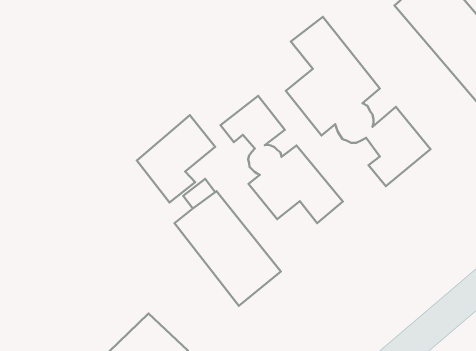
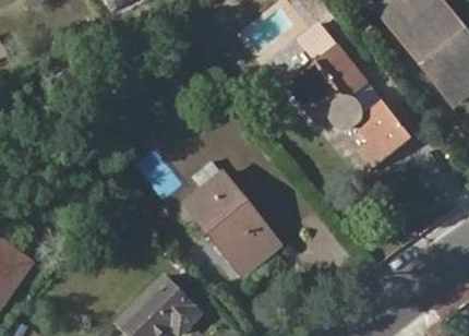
building: [220,96,343,223] -> none
building: [137,115,215,203] -> none

